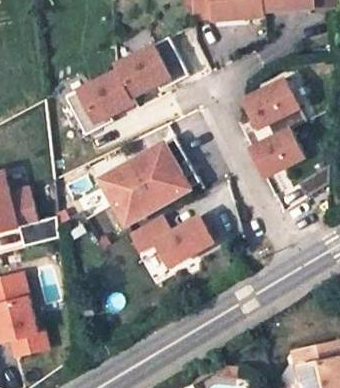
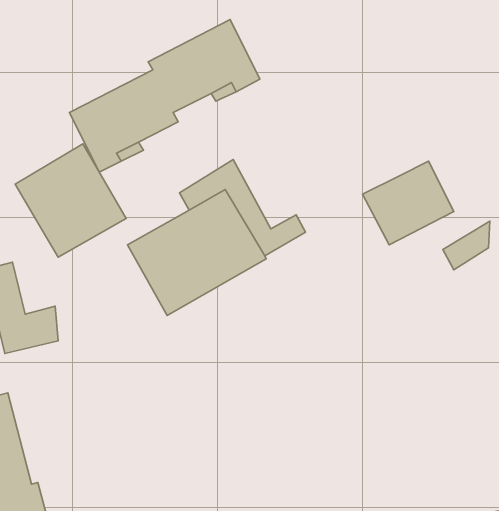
building: [243,79,305,136] -> none
building: none -> [15,144,126,257]
building: [129,215,214,266] -> none

